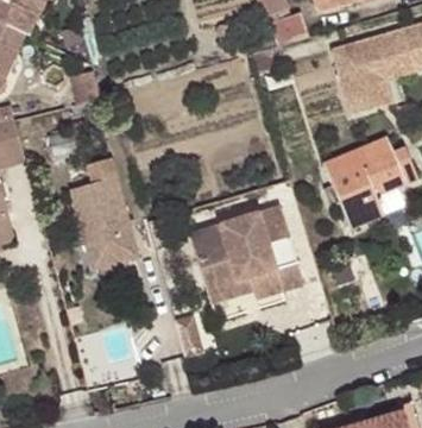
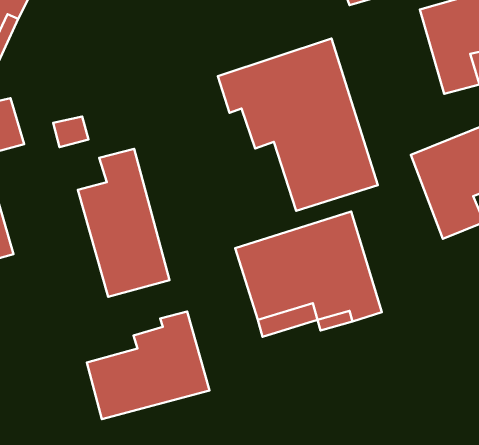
building: none -> [218,39,378,211]
building: none -> [87,311,209,419]

